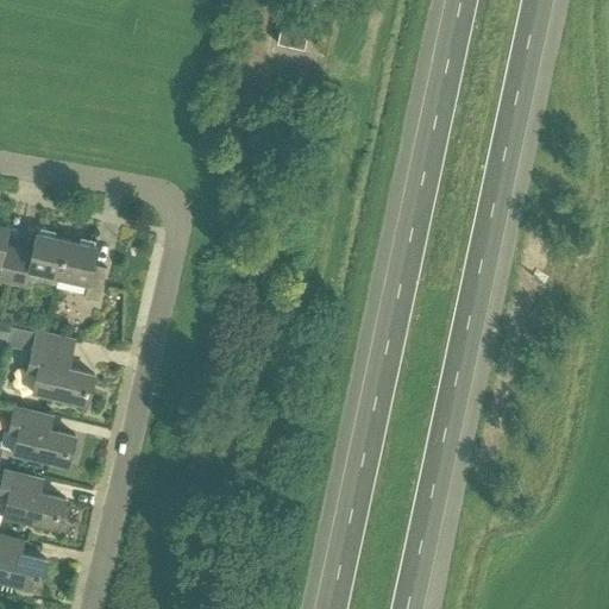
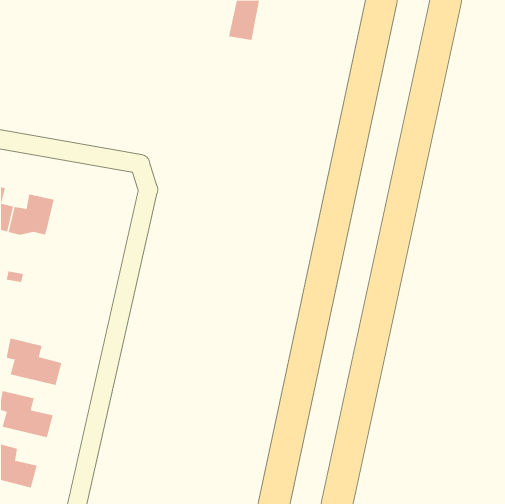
building: [57,241,106,301] -> none
building: [26,333,93,403] -> none

